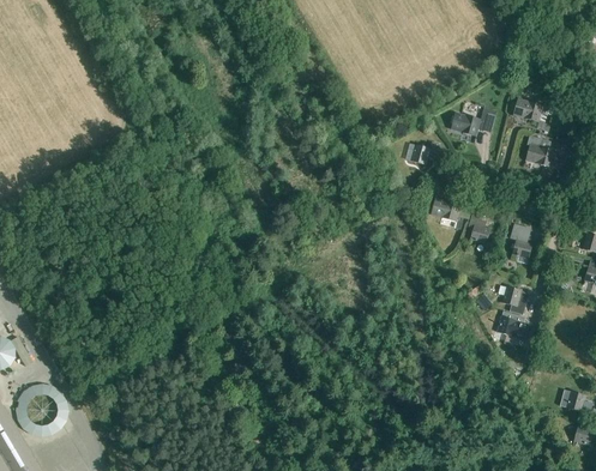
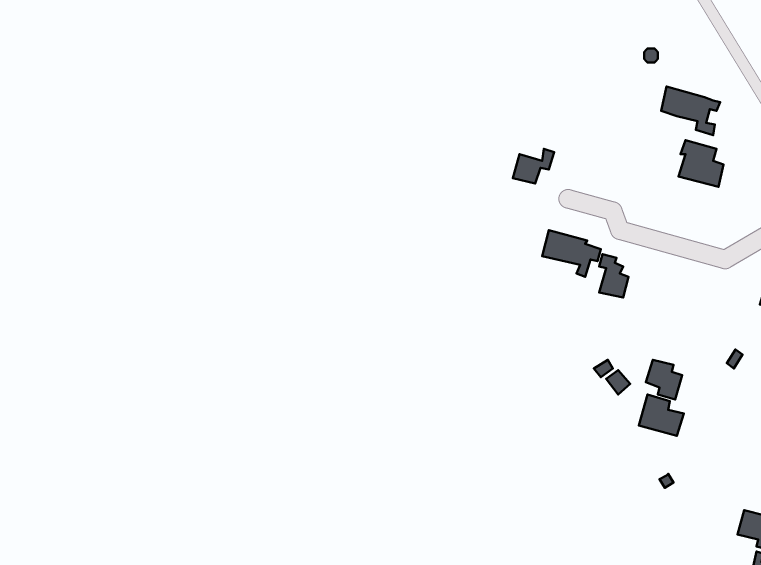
building: [450,113,488,137] -> none
building: [508,224,531,260] -> none

